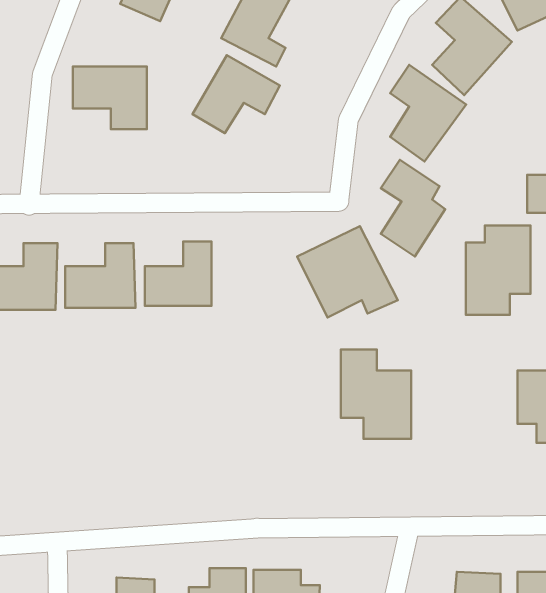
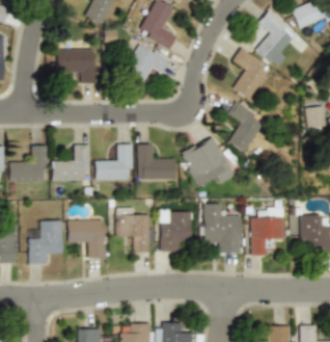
building: [466,225,531,315] -> [250,207,285,256]
building: none -> [137,144,175,179]
building: none -> [115,207,152,254]
building: none -> [159,210,192,253]
building: none -> [68,220,105,259]
building: none -> [29,221,63,264]

